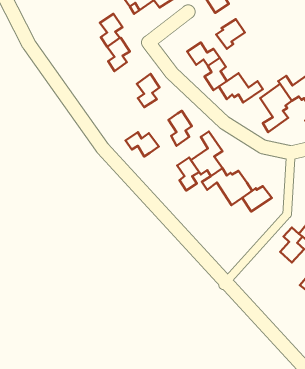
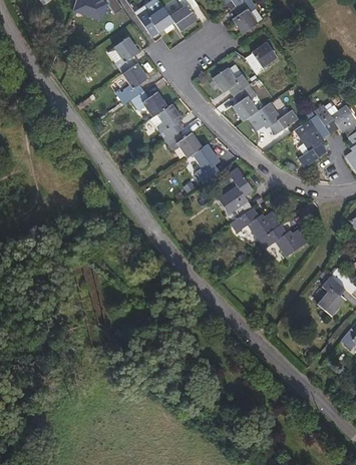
building: none -> [132,90,168,116]
building: [125,132,159,157] -> [165,131,203,158]
building: [177,157,199,190] -> none

